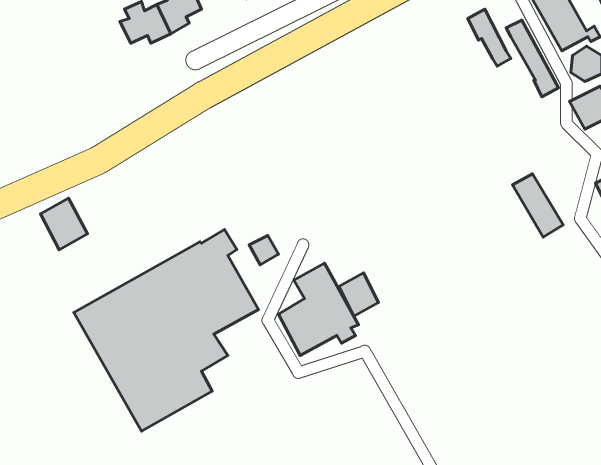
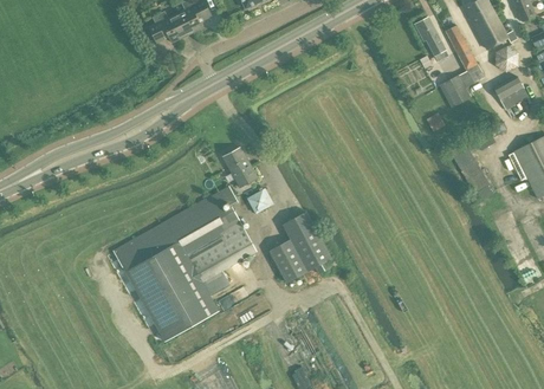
building: none -> [442,71,472,105]
building: none -> [222,147,258,187]
building: [40,198,87,250] -> none
building: [339,273,379,316] -> none

